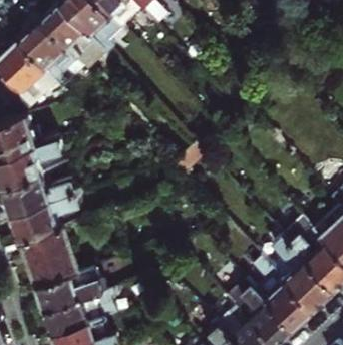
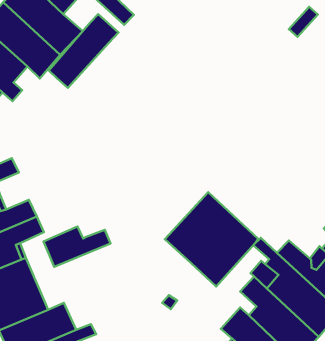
building: none -> [49,14,119,88]
building: none -> [165,192,258,287]
building: none -> [43,227,110,267]

